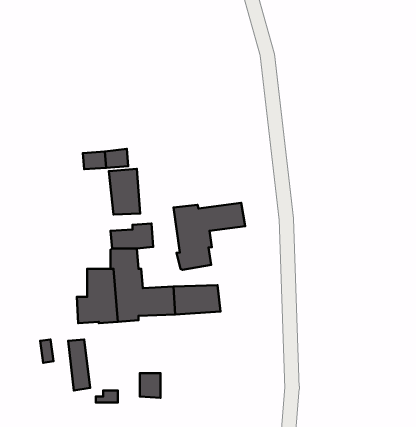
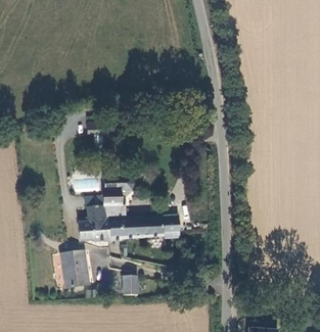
building: [109,169,140,214] -> none
building: [173,203,245,270] -> none

